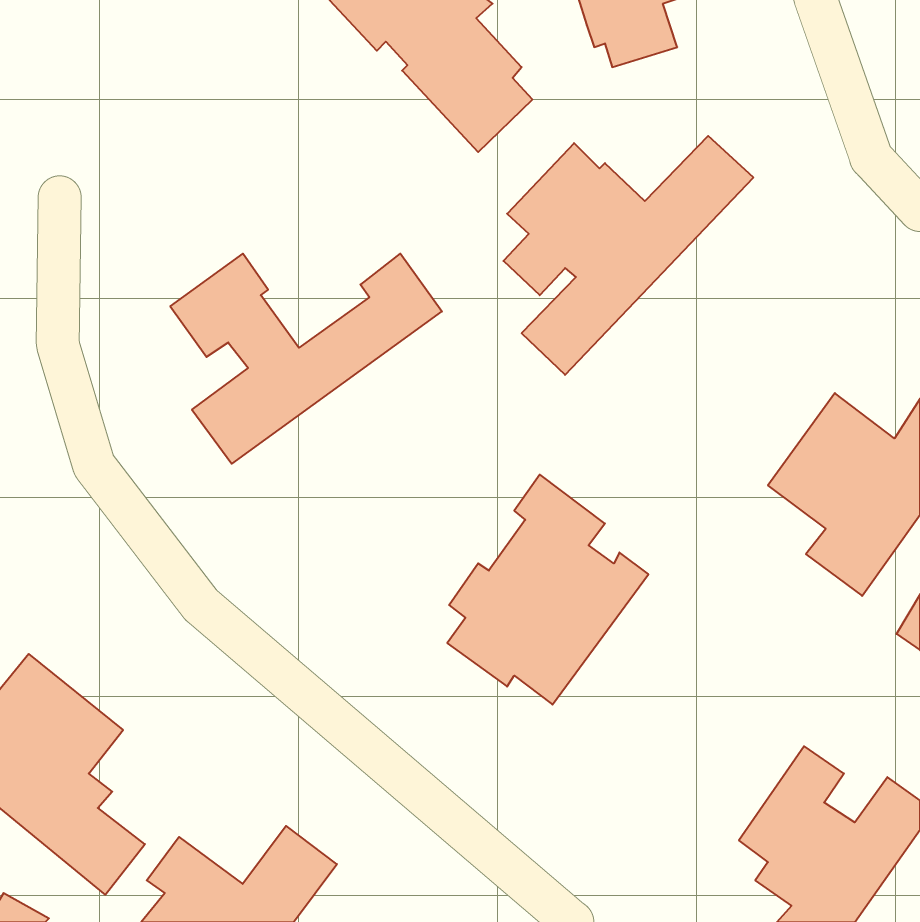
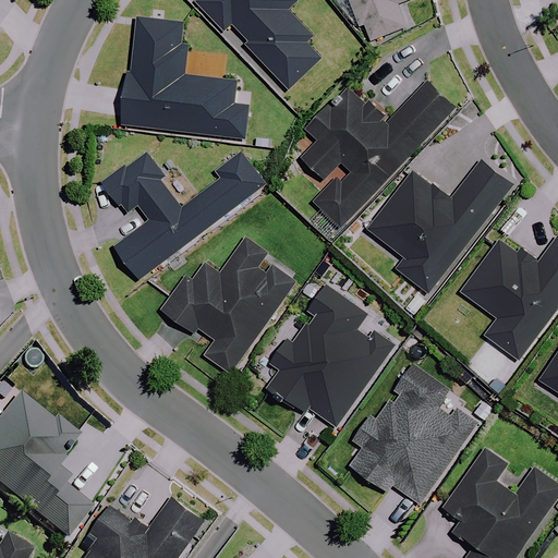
building: none -> [122,17,248,140]
building: none -> [366,160,512,293]
building: none -> [165,240,296,373]
building: none -> [351,364,477,504]

